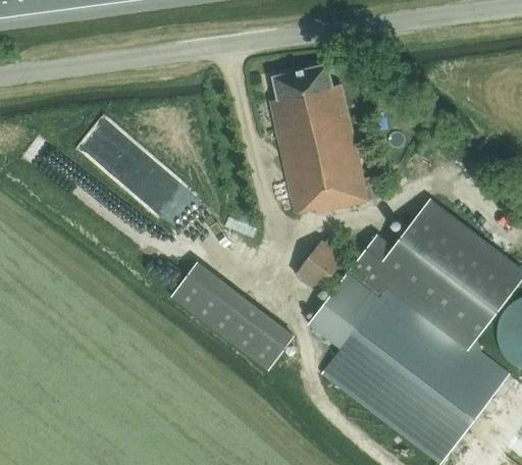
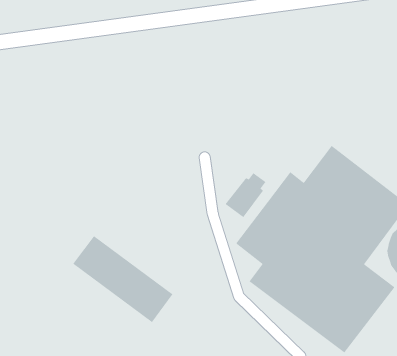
building: [269,63,385,213] -> none
building: [173,267,299,376] -> [72,235,174,323]

